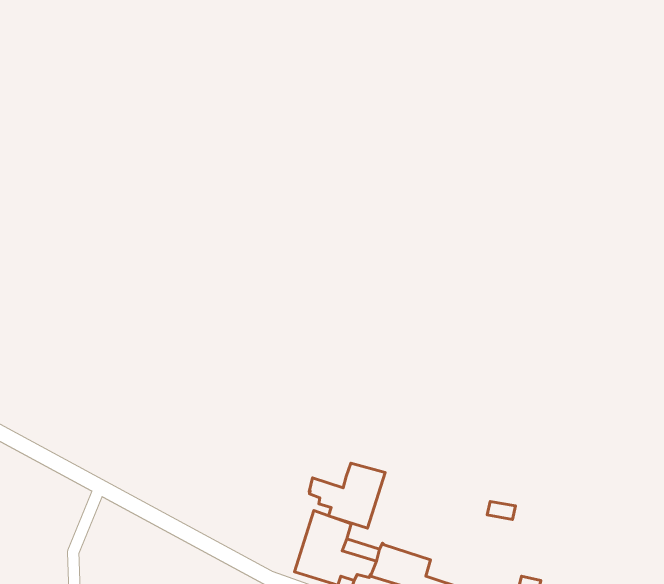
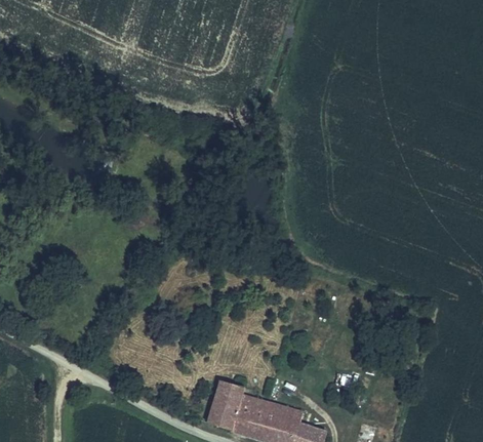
building: [309,463,385,528] -> none

